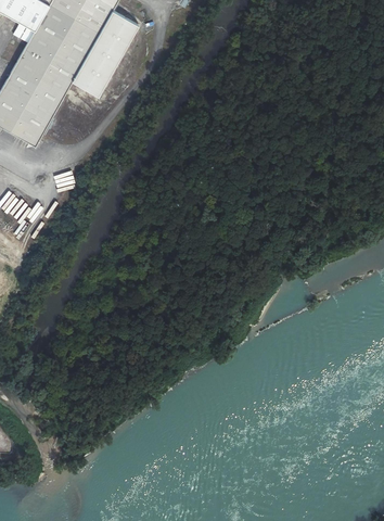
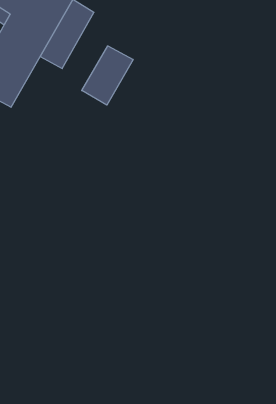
building: none -> [82,46,133,105]

